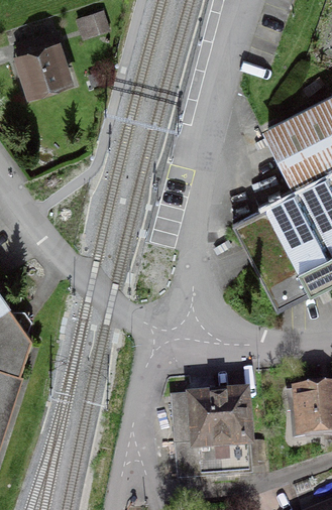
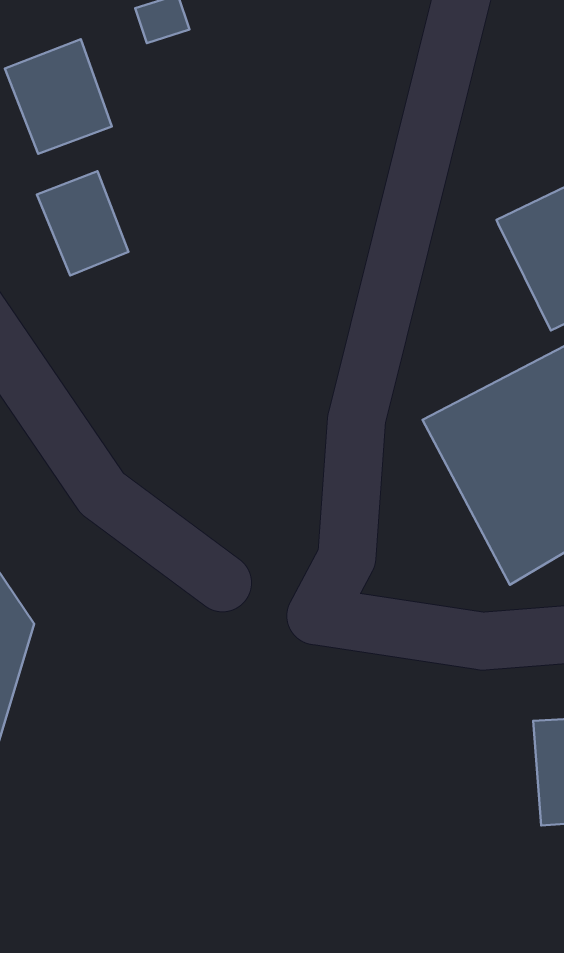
building: none -> [37,171,129,276]
building: [169,388,258,478] -> none

